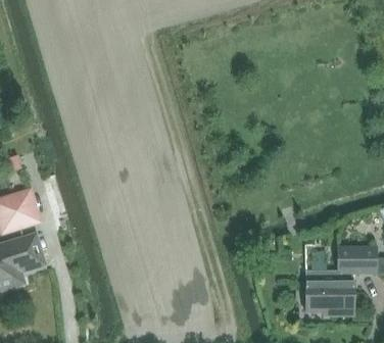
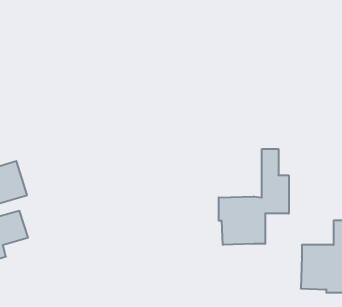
building: none -> [219,149,289,245]

